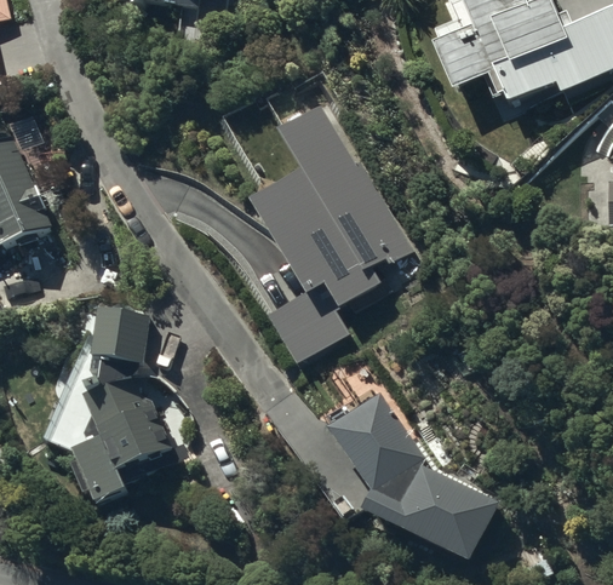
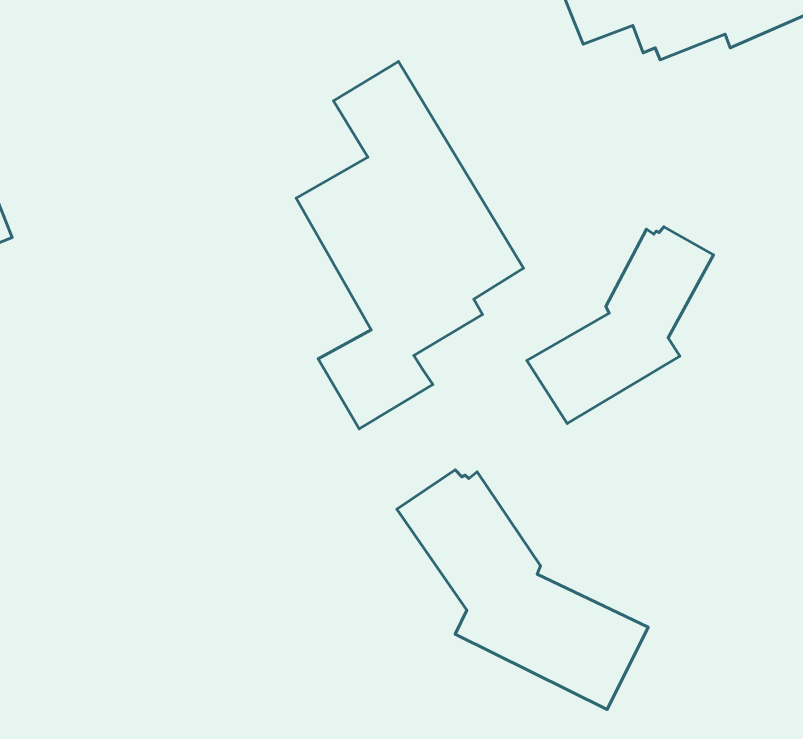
building: none -> [527,227,714,423]
building: [73,308,190,503] -> none

